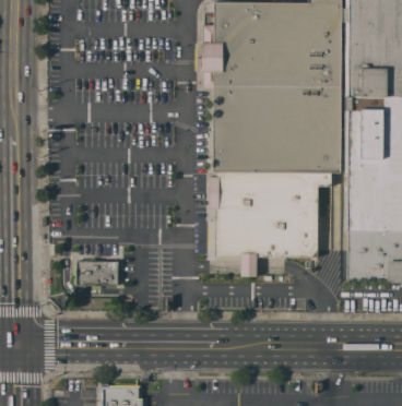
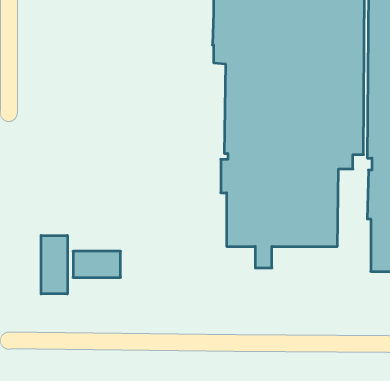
building: none -> [41,235,67,294]

